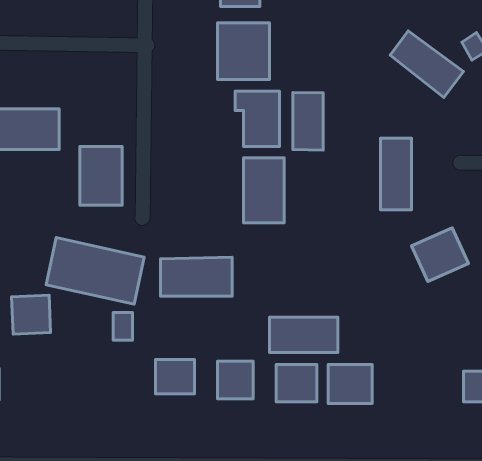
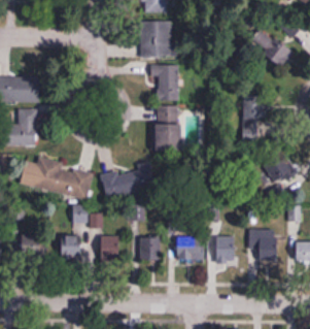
building: [293,92,323,150] -> none
building: [80,147,122,205] -> [9,108,36,145]
building: [12,295,51,334] -> [21,234,45,259]
building: [269,317,338,352] -> none
building: none -> [249,230,277,262]
building: none -> [61,236,80,259]

